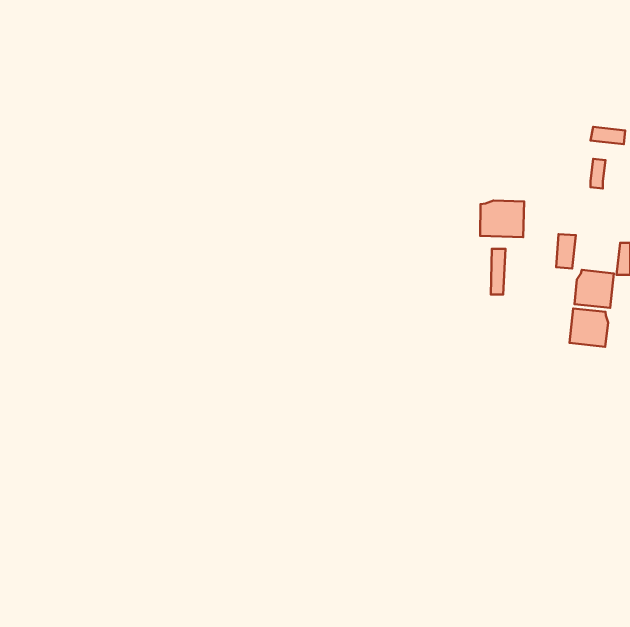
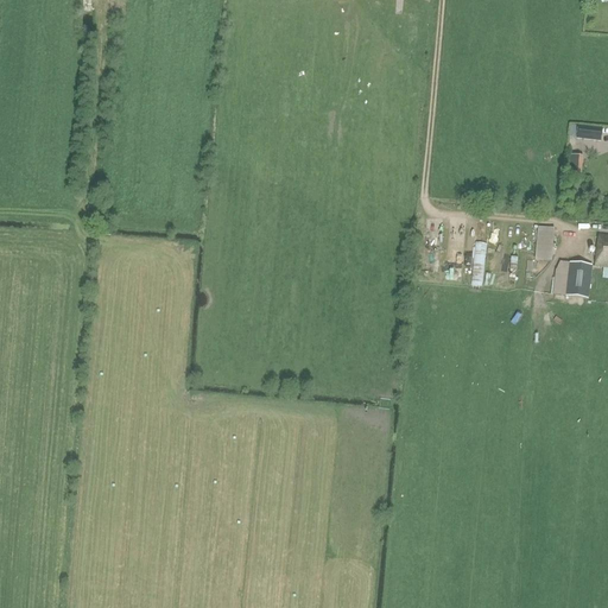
building: [480,201,524,237] -> none
building: [569,308,608,347] -> none

